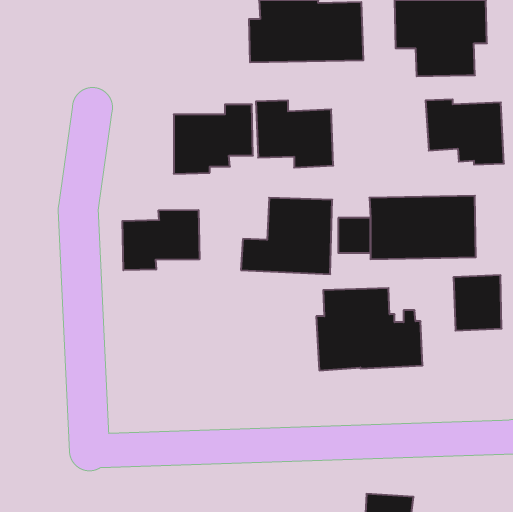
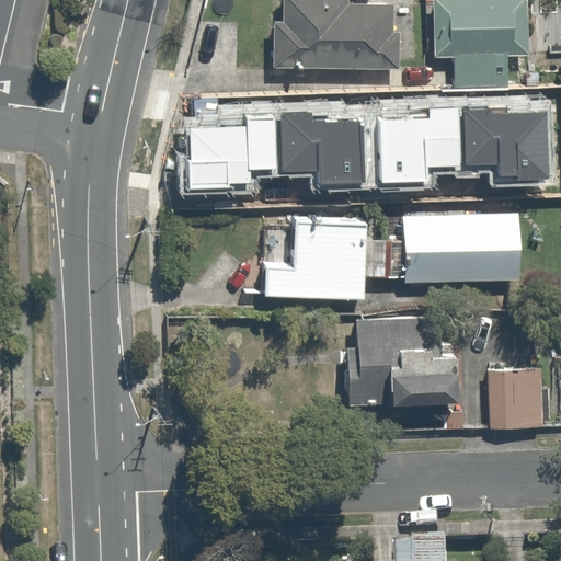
building: none -> [378,110,459,183]
building: [122,210,199,270] -> none
building: [453,275,502,331] -> [488,367,540,427]

